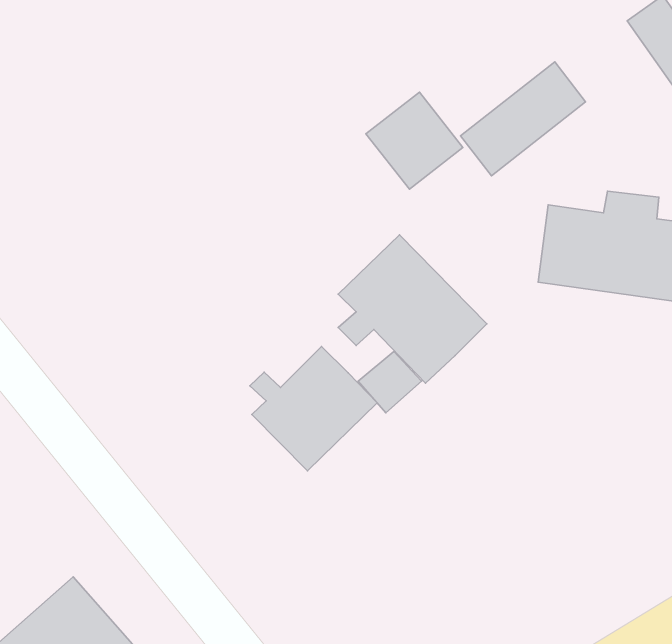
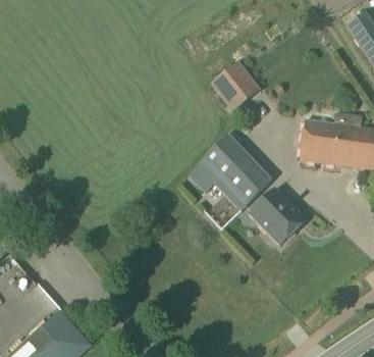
building: [461,62,586,176] -> none
building: none -> [249,188,306,244]
building: [250,346,377,471] -> none

